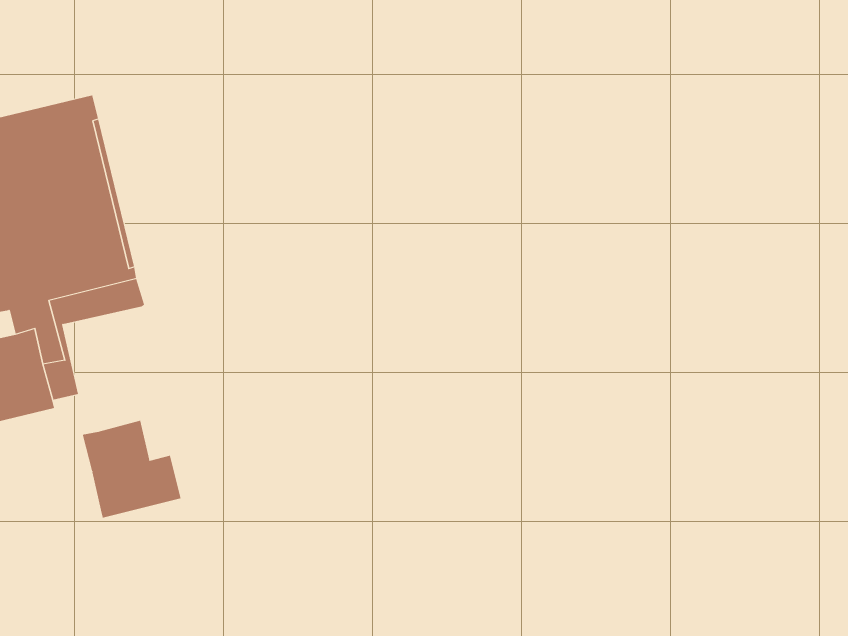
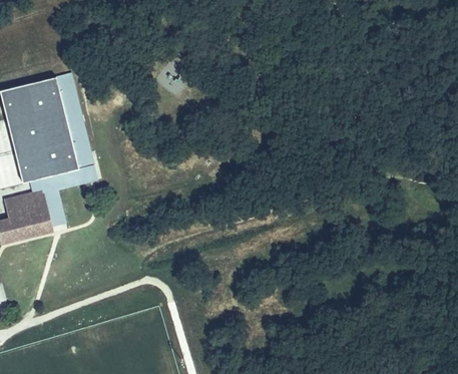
building: [82,420,181,519] -> none

